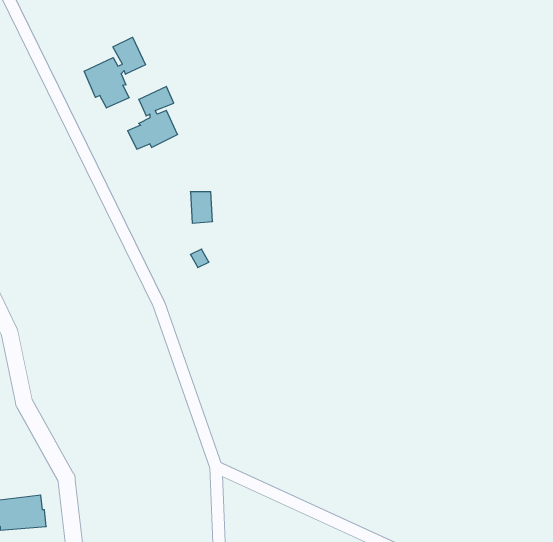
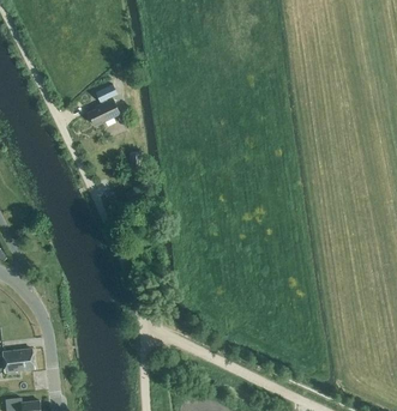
building: [84,37,145,108] -> none

